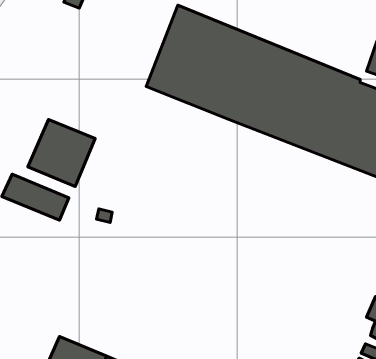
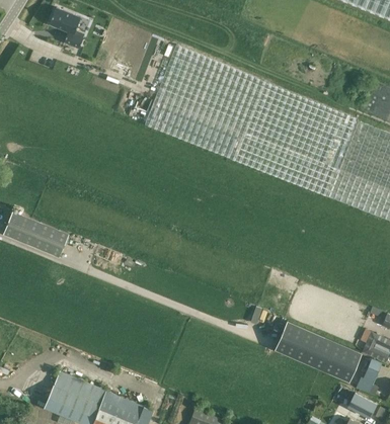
building: [28,120,95,187] -> none
building: none -> [275,321,362,380]

